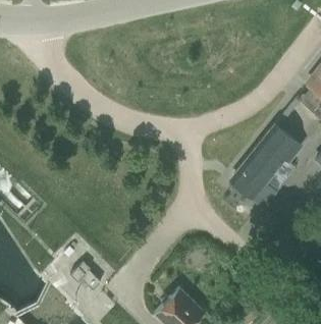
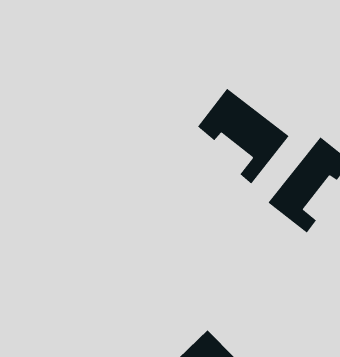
building: none -> [197,88,289,184]

